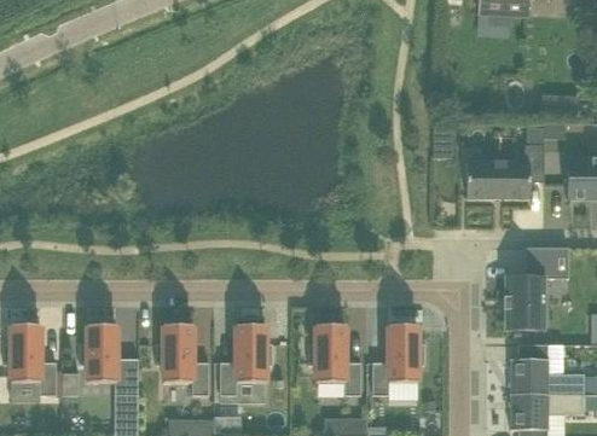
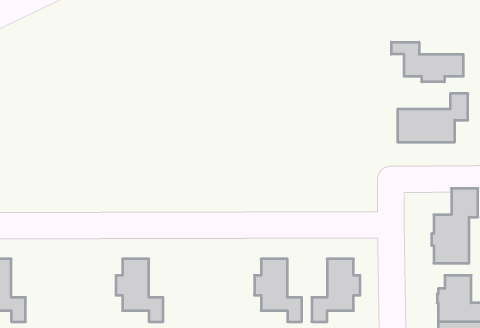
building: none -> [391,42,463,82]
building: [81,325,134,394] -> none
building: [221,325,273,394] -> none

